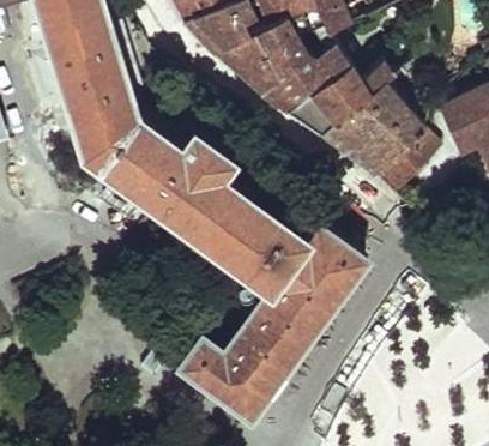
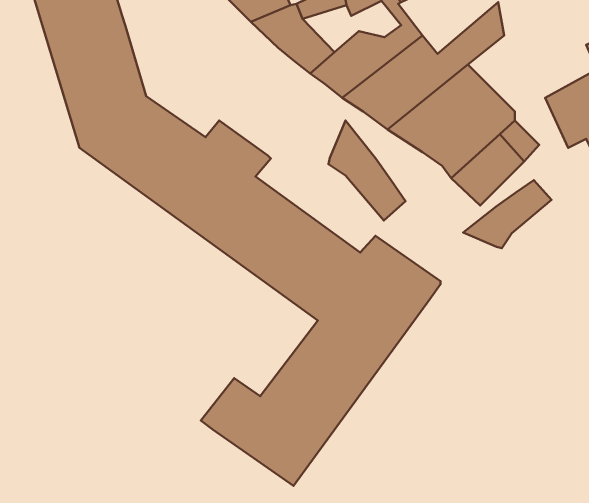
building: none -> [329,120,406,221]
building: none -> [463,180,551,248]

